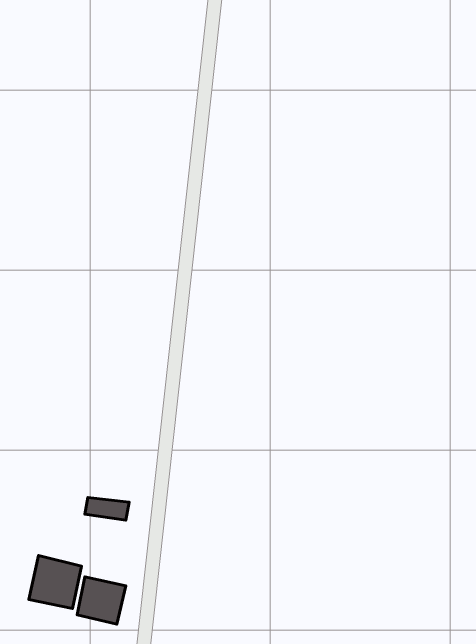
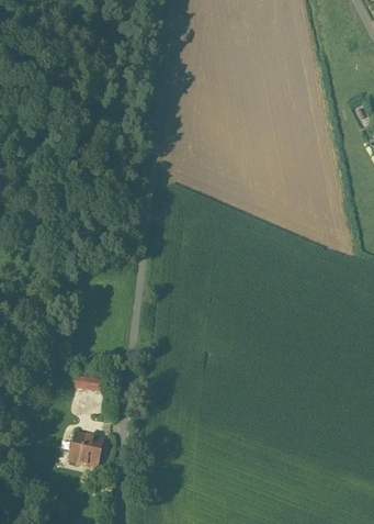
building: [29,556,81,608] -> none

